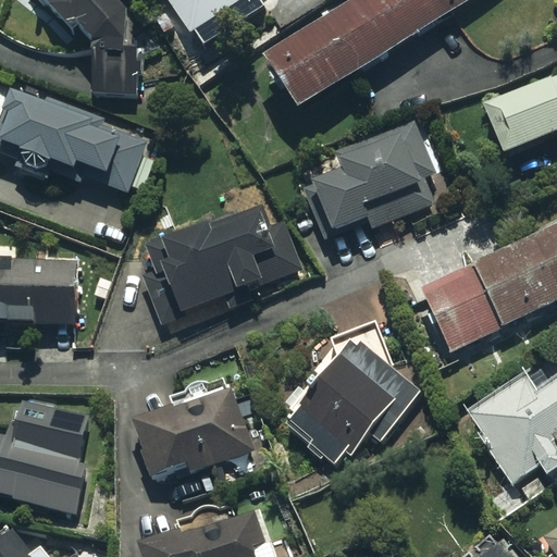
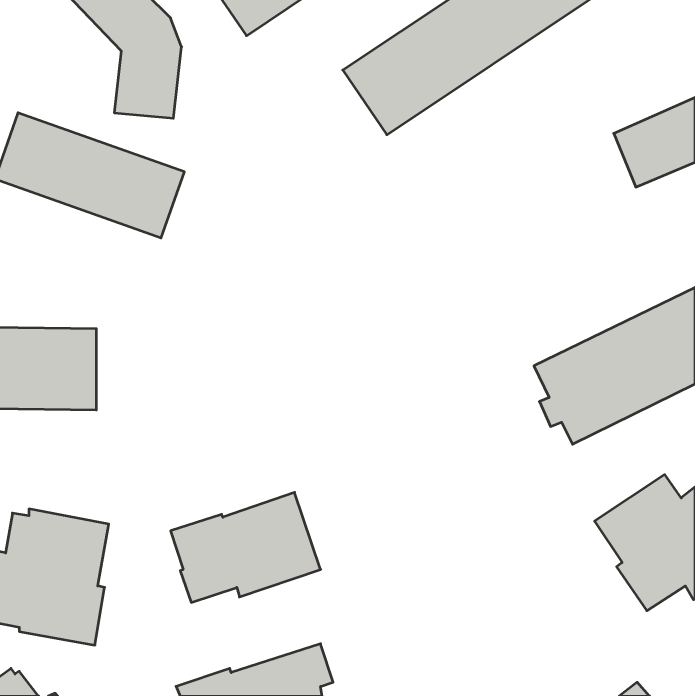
building: [288,111,442,236] -> none
building: [144,209,273,320] -> none
building: [288,342,420,460] -> none

